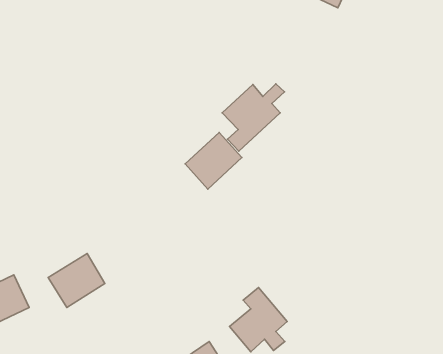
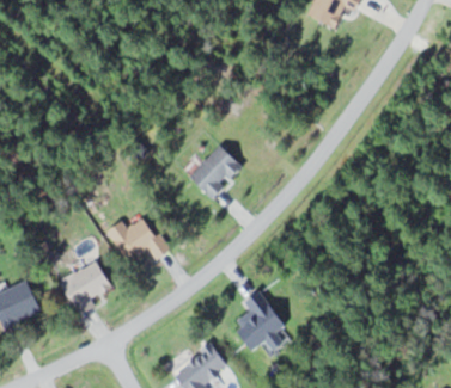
building: [222,84,284,151] -> none
building: none -> [105,216,169,263]

